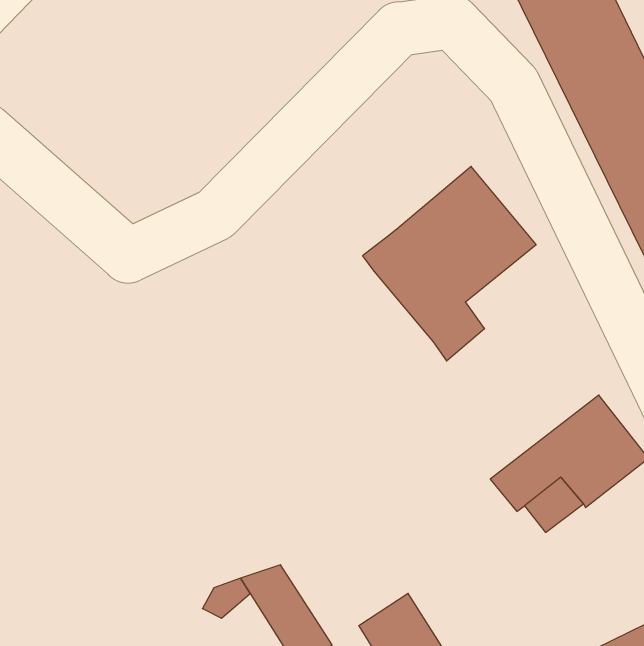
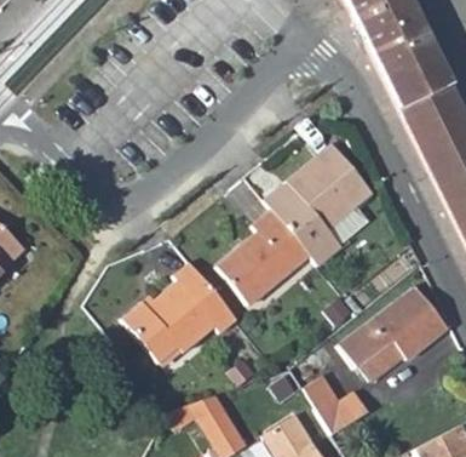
building: none -> [219,210,311,304]
building: none -> [123,262,238,364]
building: none -> [304,375,370,435]

